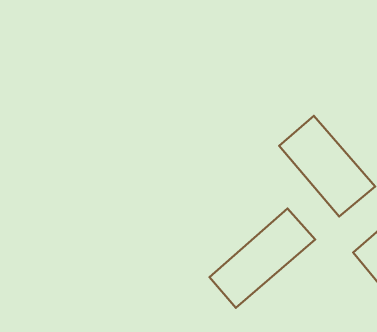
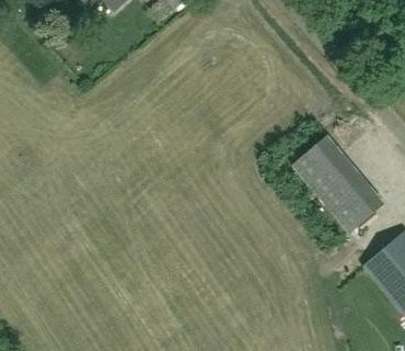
building: [209,209,315,308] -> none

